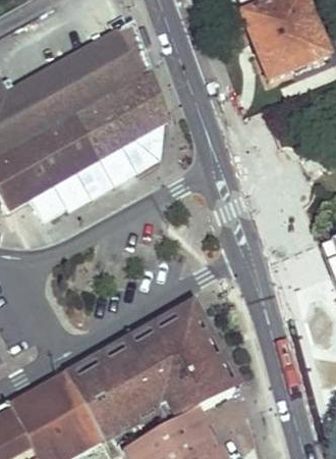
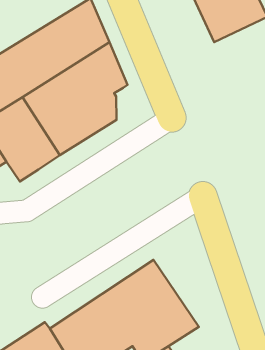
building: [66,120,164,209] -> none
building: [64,301,240,388] -> none

